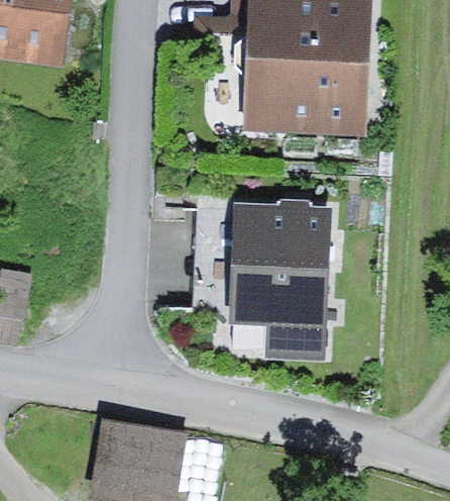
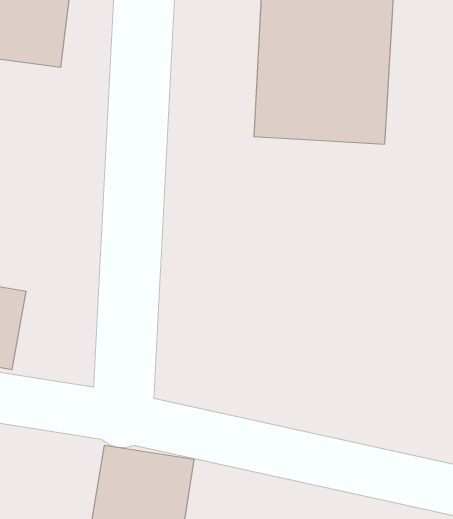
building: [228,199,331,362] -> none

